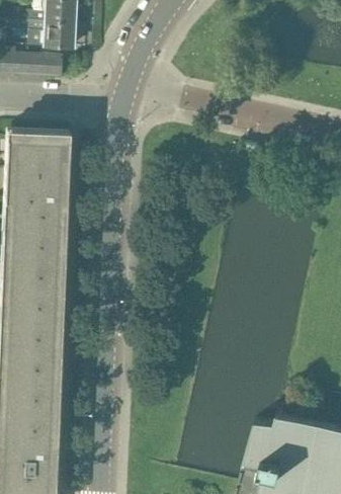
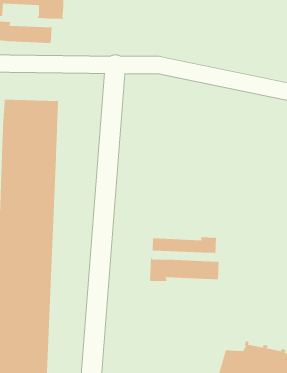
building: none -> [152,237,217,254]
building: none -> [149,257,219,282]

